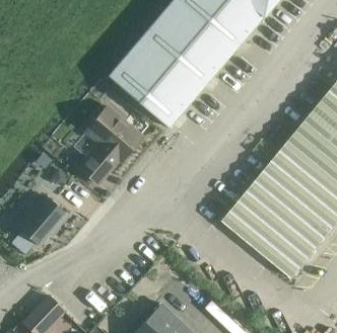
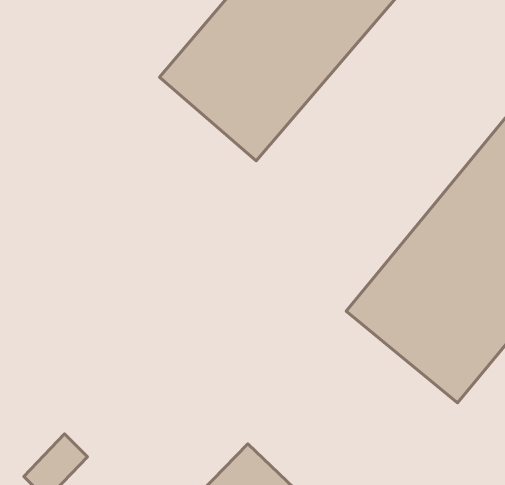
building: [79,106,142,184] -> none
building: [15,196,66,245] -> none

